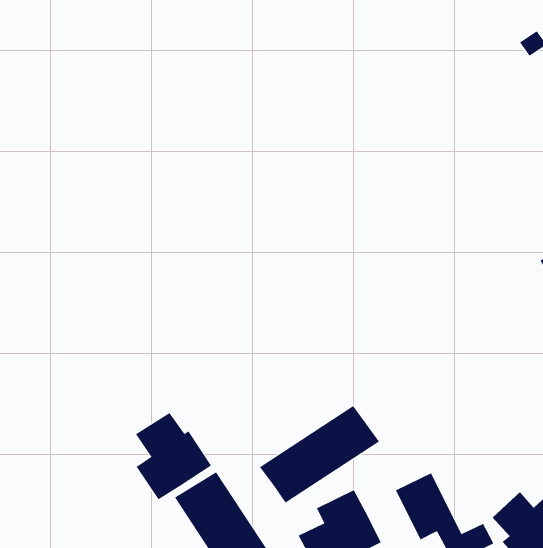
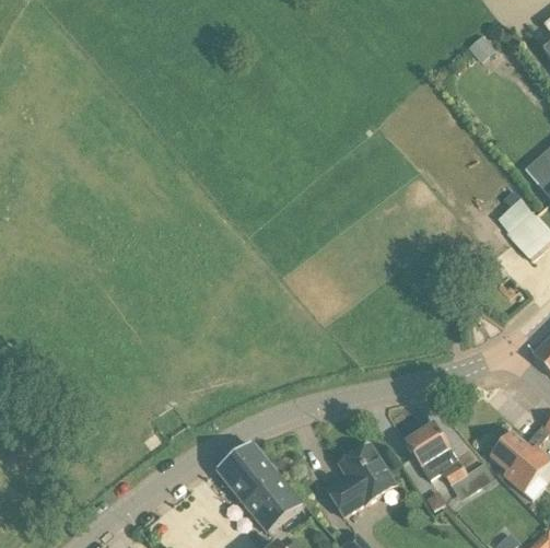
building: [259,405,380,504] -> none
building: [135,412,212,500] -> none

